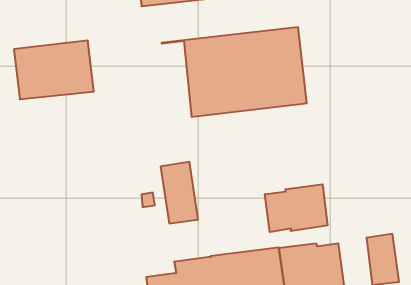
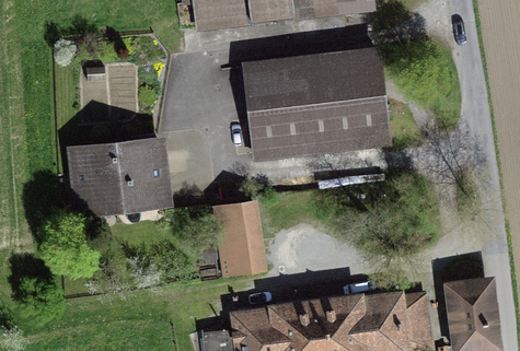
building: [14,41,94,99] -> [72,141,163,208]
building: [265,184,328,232] -> none

